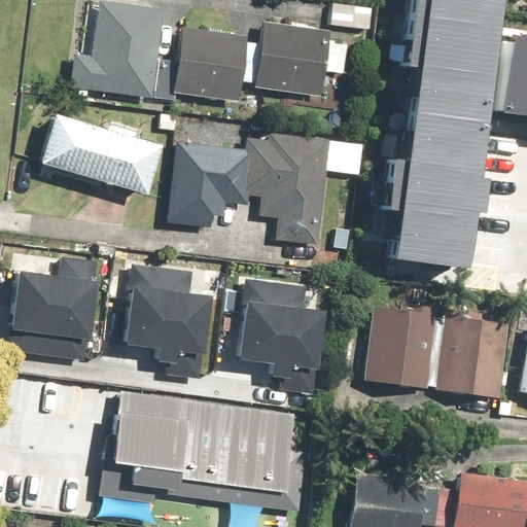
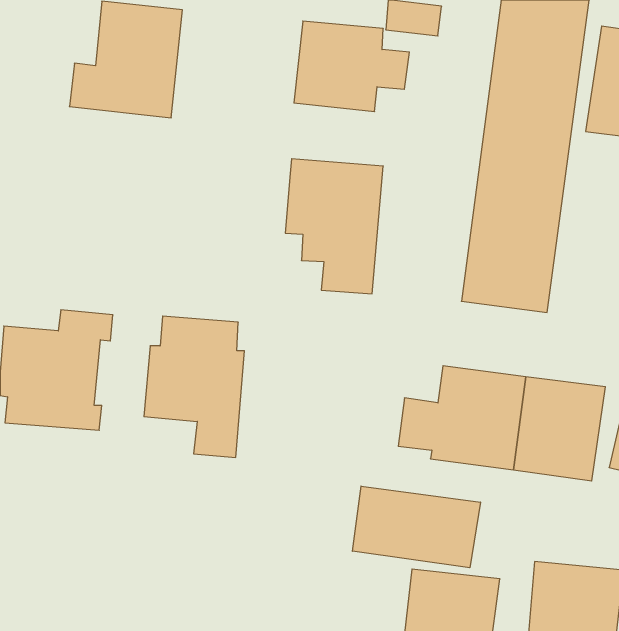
building: [172,23,250,104] -> none
building: [31,112,154,197] -> none
building: [169,140,253,227] -> none
building: [243,280,326,393] -> none
building: [103,387,306,511] -> none
building: none -> [352,486,480,568]

